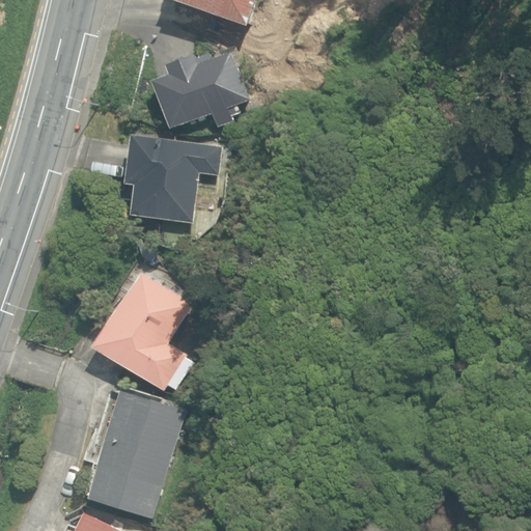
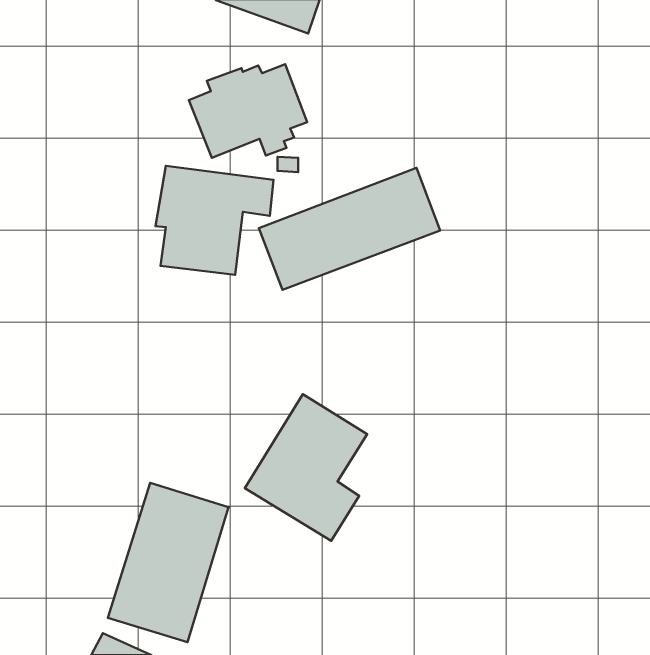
building: none -> [259,168,440,290]
building: [92,271,191,389] -> [245,394,367,541]

